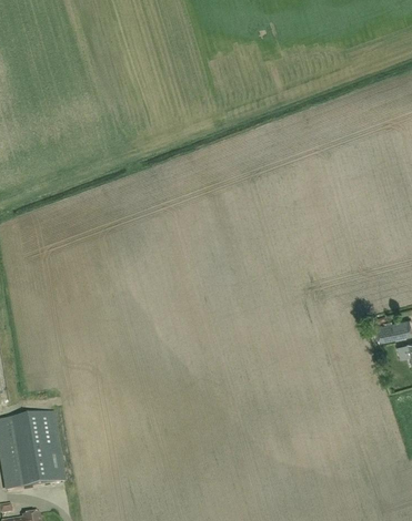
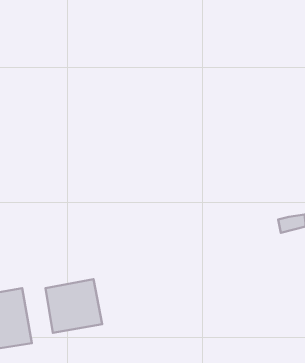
building: none -> [45,279,102,333]

